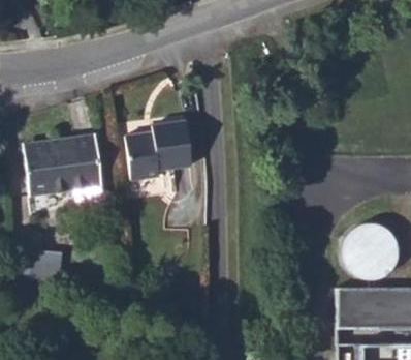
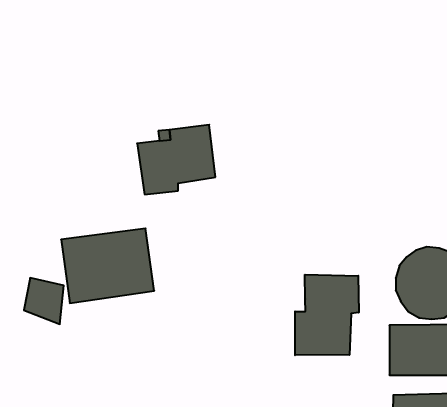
building: [24,133,101,196] -> [61,228,154,303]
building: none -> [295,275,359,355]

